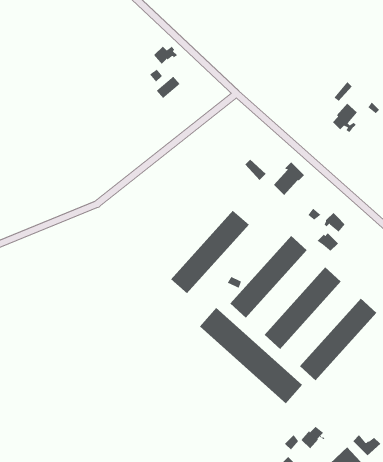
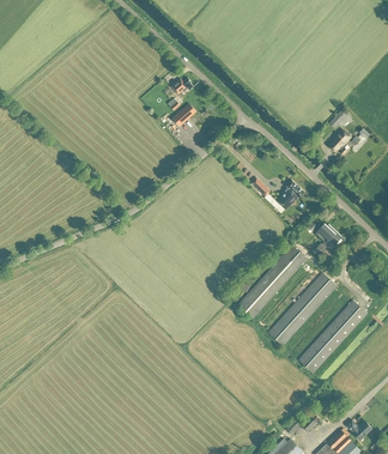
building: [170,210,250,294] -> none
building: [199,307,303,404] -> none

